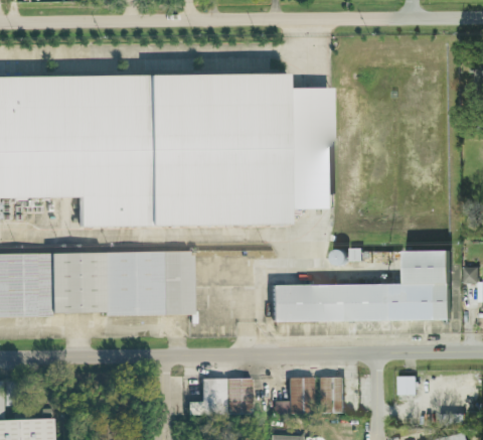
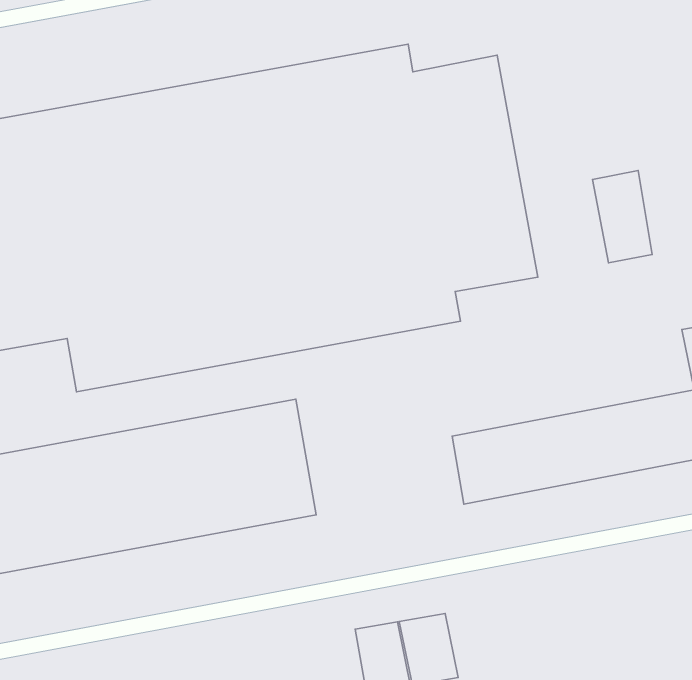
building: none -> [592,171,652,263]
building: [276,378,313,413] -> none
building: [318,378,343,414] -> none

